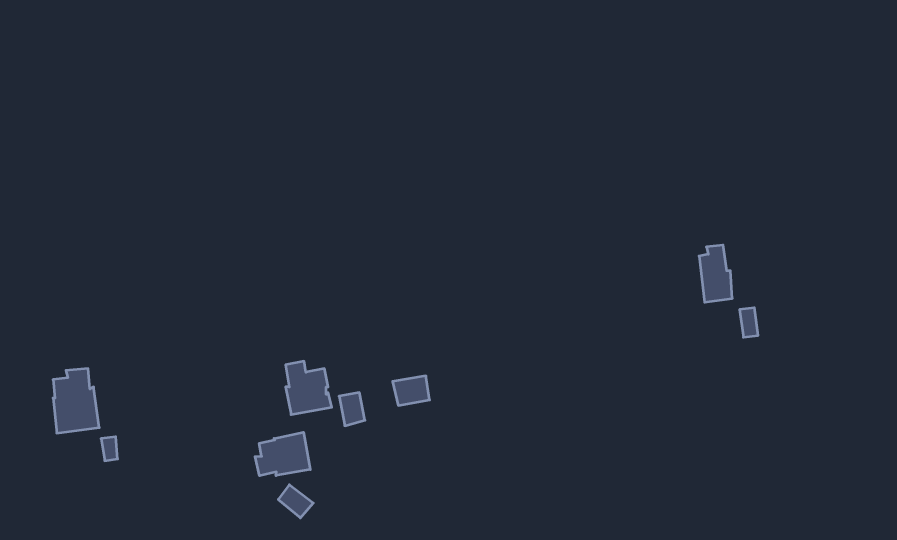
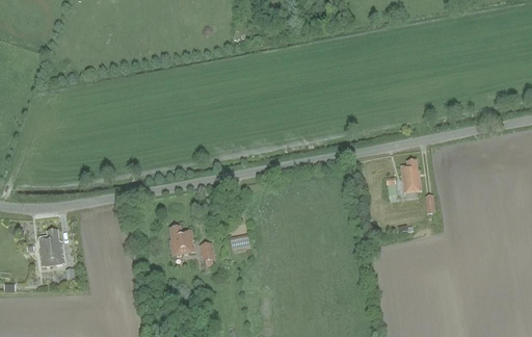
building: [255,432,310,476] -> none

